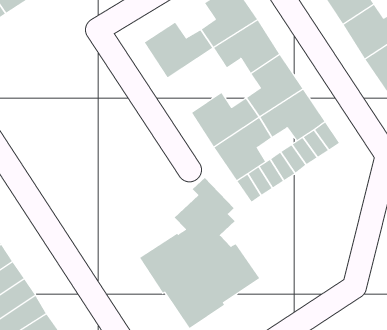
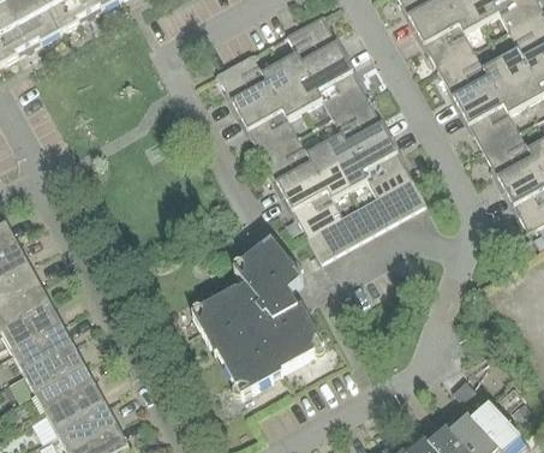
building: none -> [238,83,305,154]

